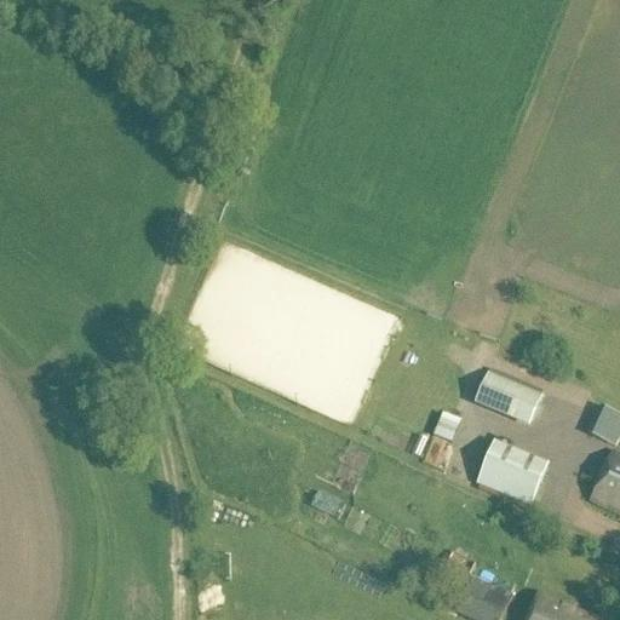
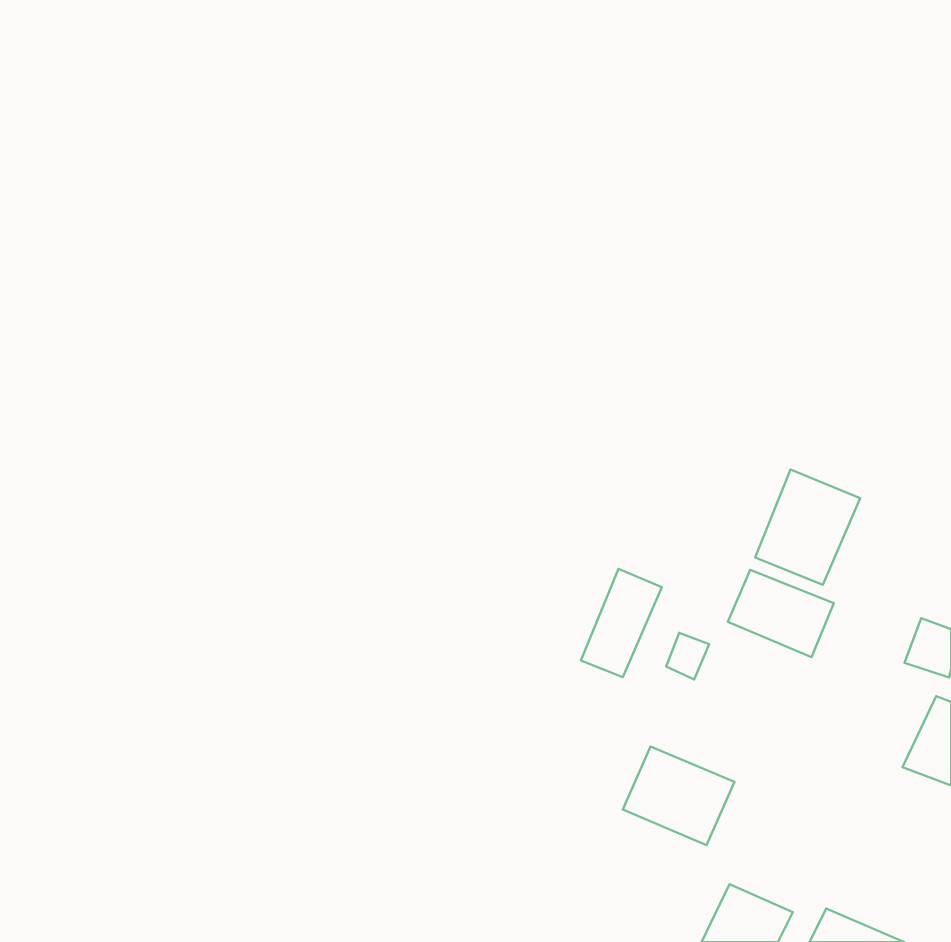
building: none -> [755,469,860,585]
building: none -> [581,569,662,677]
building: [476,440,549,504] -> [623,746,734,845]

